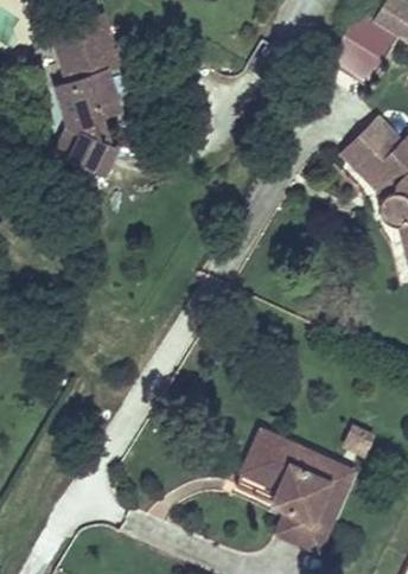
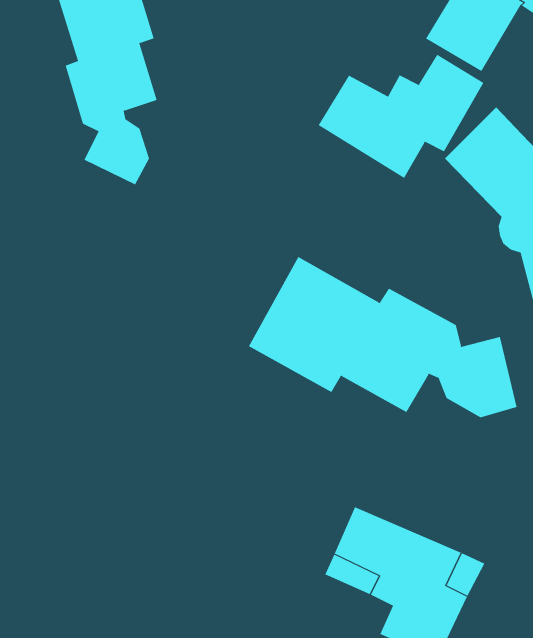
building: none -> [318,54,484,179]
building: none -> [248,256,517,418]

